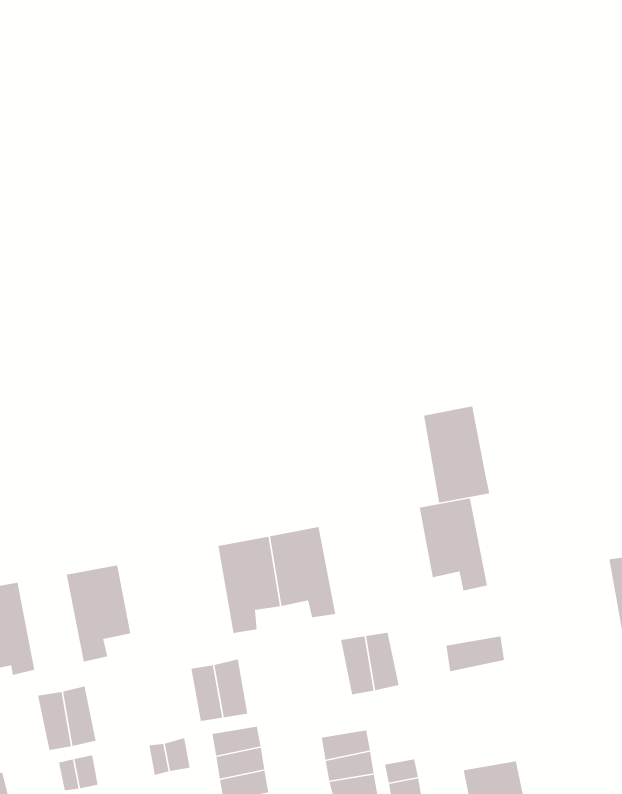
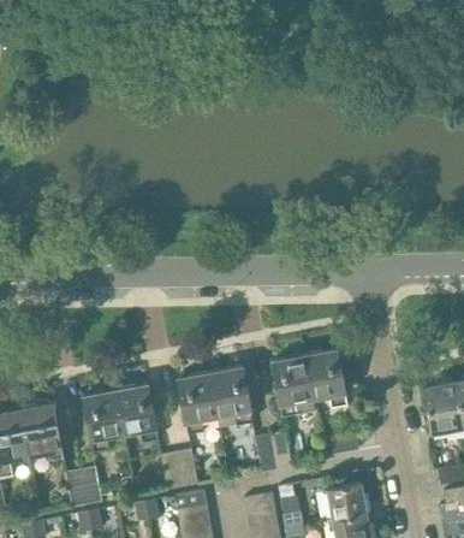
building: [423,405,490,503] -> [273,355,315,416]
building: none -> [115,385,157,443]
building: none -> [327,483,365,520]

